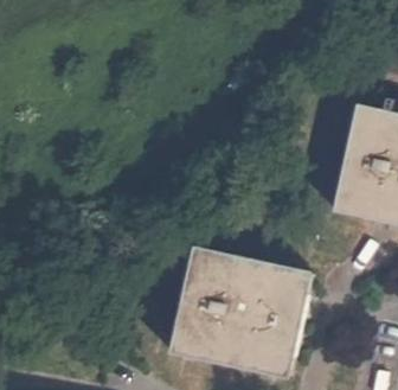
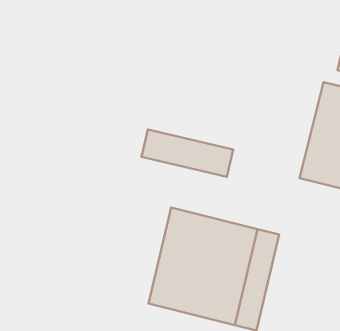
building: none -> [142,129,233,177]

